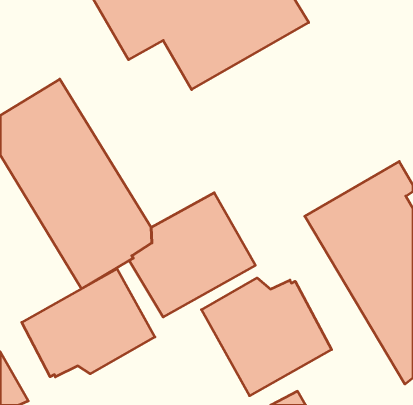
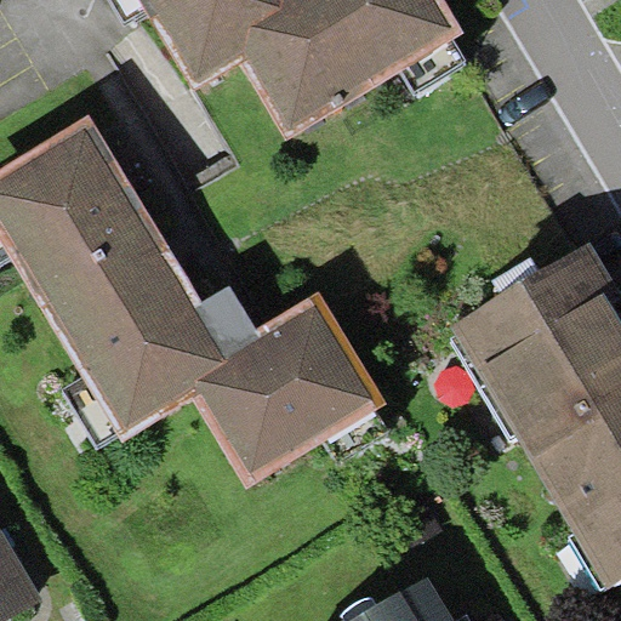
building: [22,269,155,377] -> none
building: [201,278,332,396] -> none

